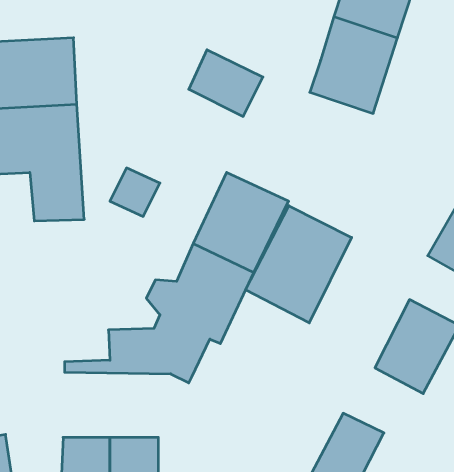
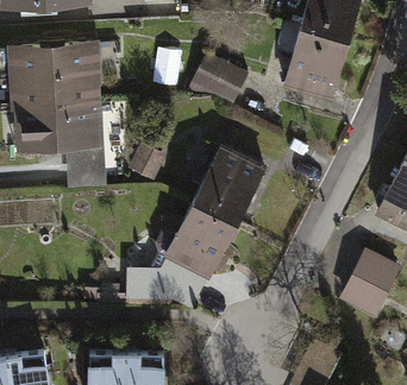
building: [246,206,352,323] -> none

